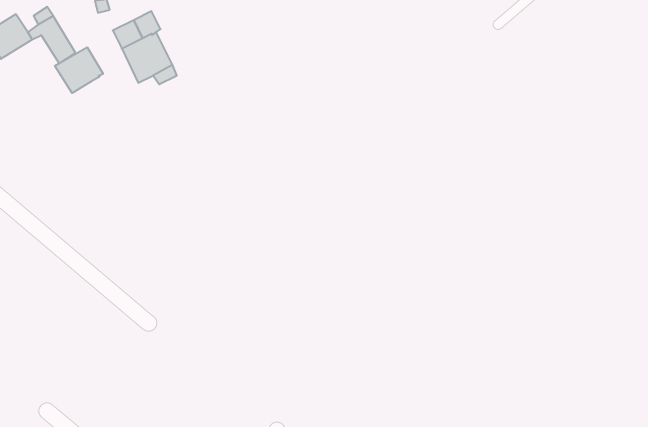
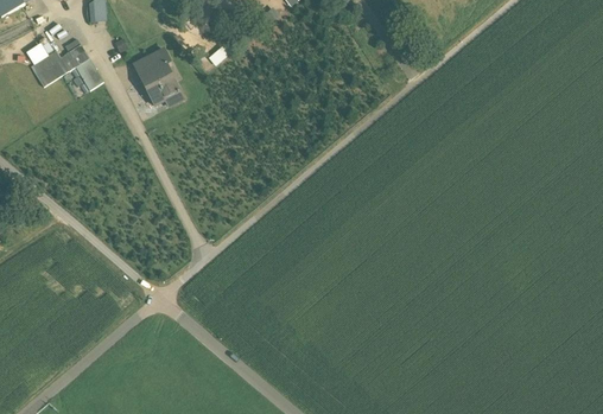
building: [55,47,103,93] -> none

